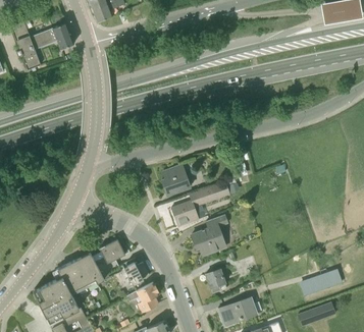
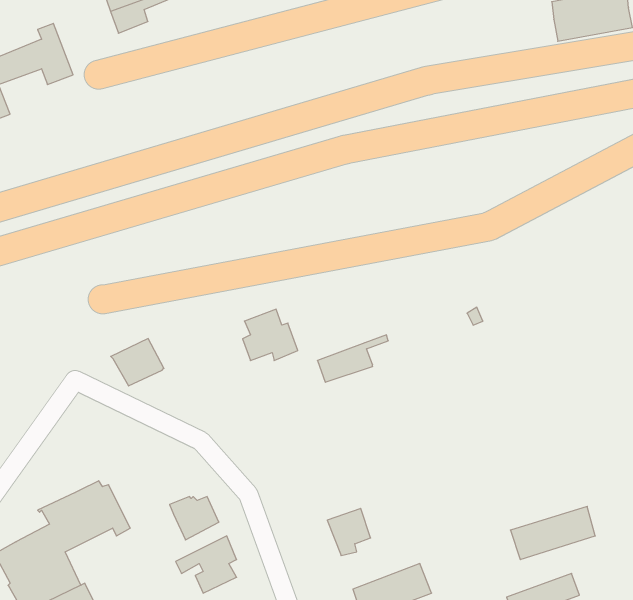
building: [171,191,204,226] -> none
building: [191,215,227,255] -> none
building: [98,238,125,263] -> [111,339,164,386]

